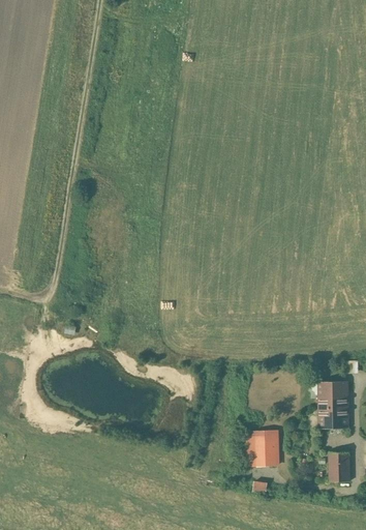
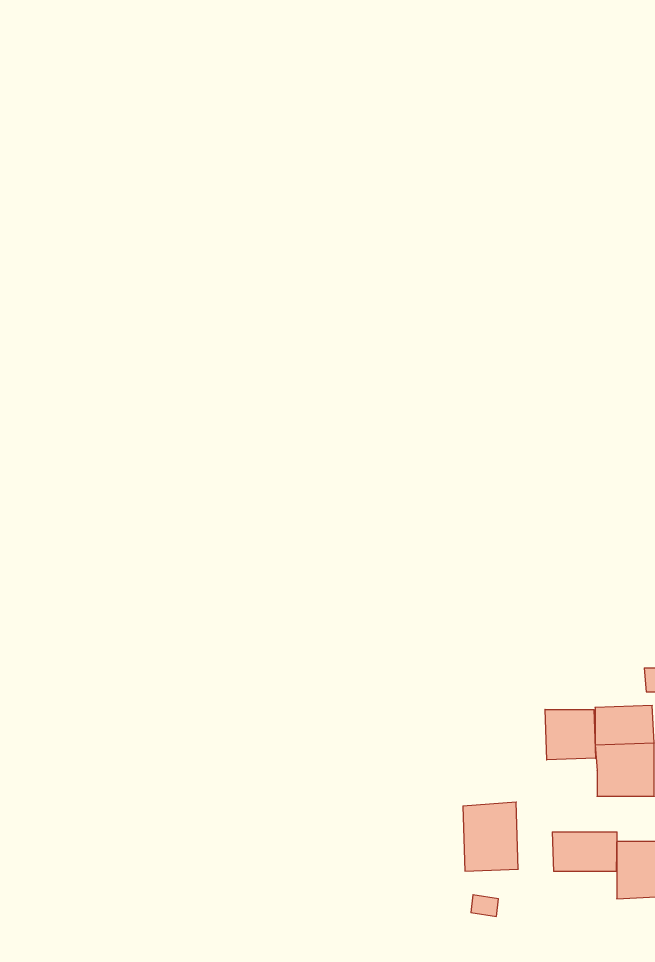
building: none -> [545,709,595,760]
building: none -> [552,832,617,871]

